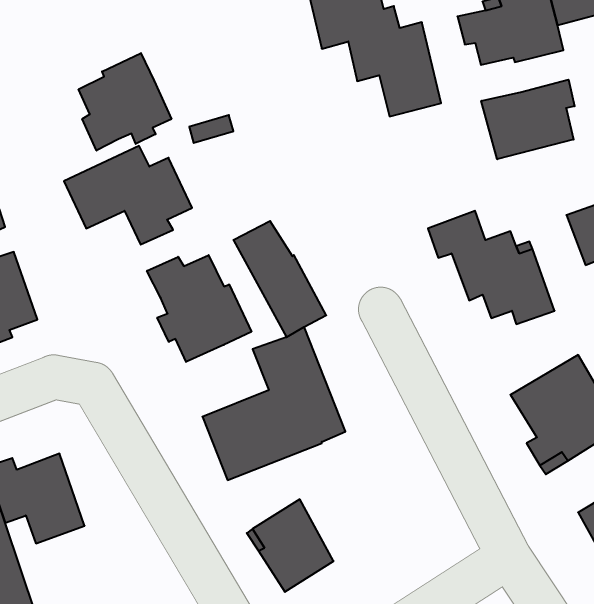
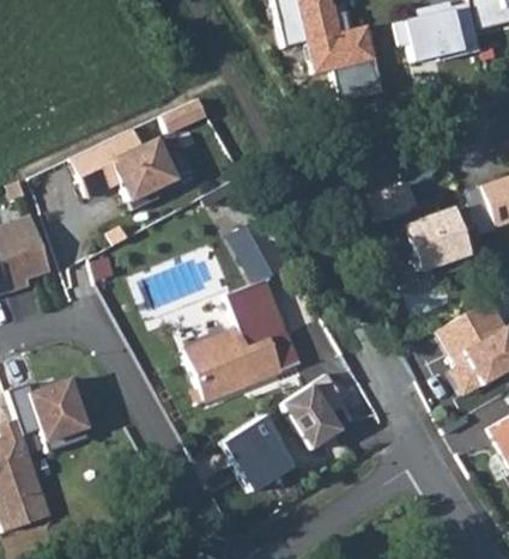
building: [79,53,171,151] -> none
building: [481,80,575,159] -> none
building: [147,255,251,362] -> none
building: none -> [281,373,347,449]

